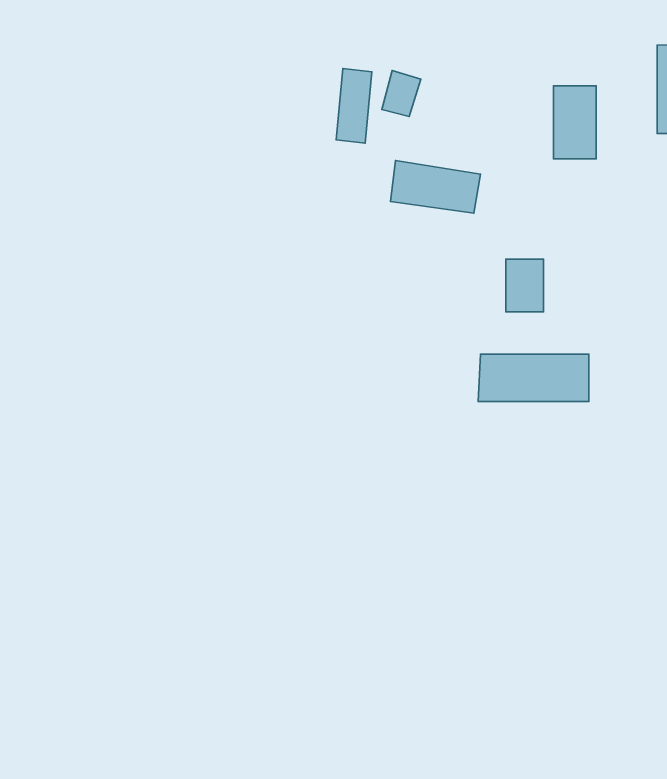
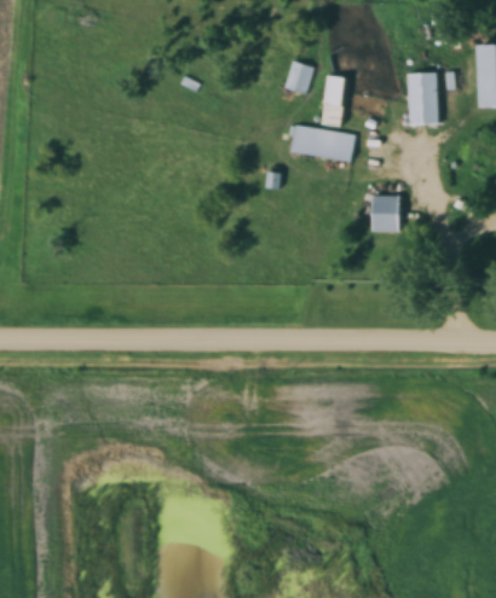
building: [336,68,372,143] -> [319,74,345,127]
building: [478,354,589,401] -> none

